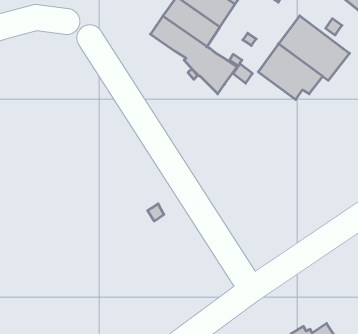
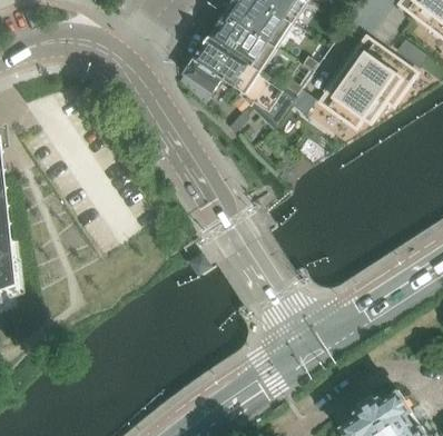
building: none -> [184,57,227,102]

